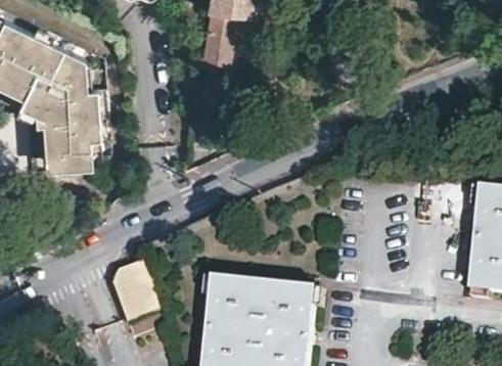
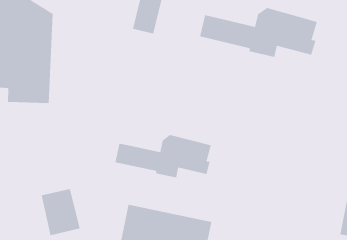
building: none -> [199,7,318,58]
building: none -> [115,134,211,178]

